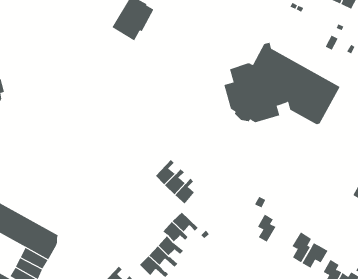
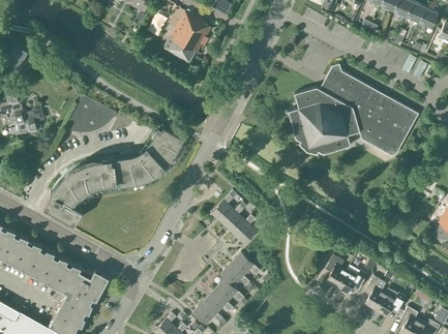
building: none -> [64,94,117,132]
building: none -> [43,128,184,223]
building: none -> [336,268,365,294]

